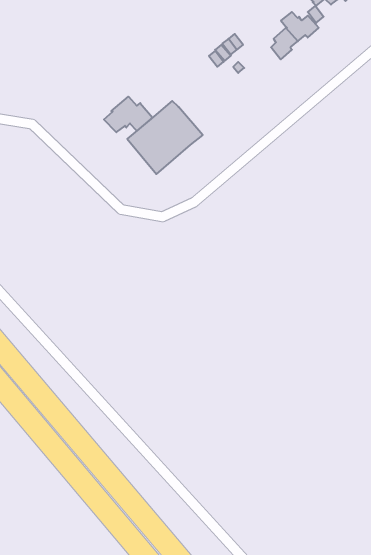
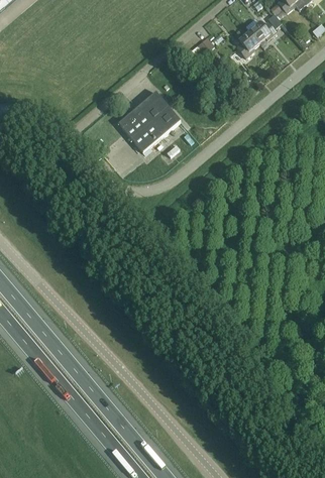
building: [104,97,153,132] -> none

